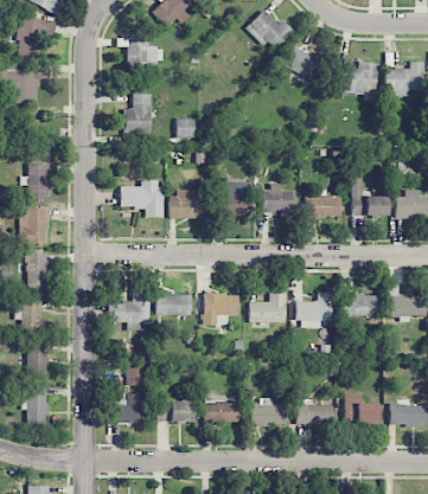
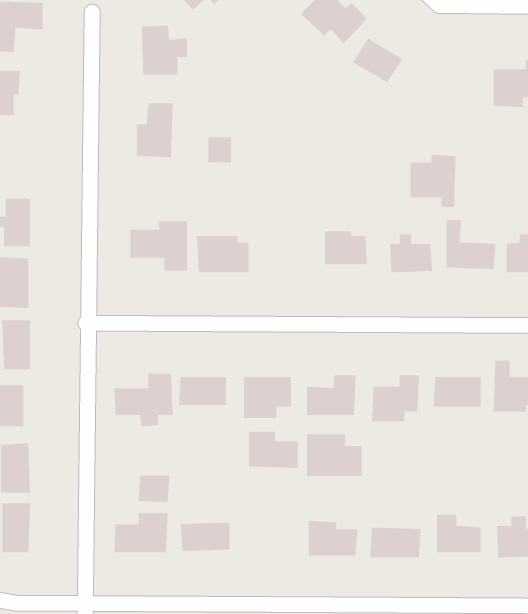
building: [344,62,378,101] -> [410,154,457,208]
building: [224,181,253,216] -> none
building: none -> [306,434,362,477]
building: [205,396,242,423] -> [248,431,298,469]

